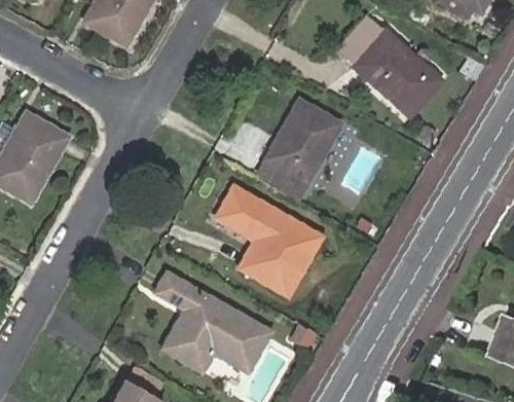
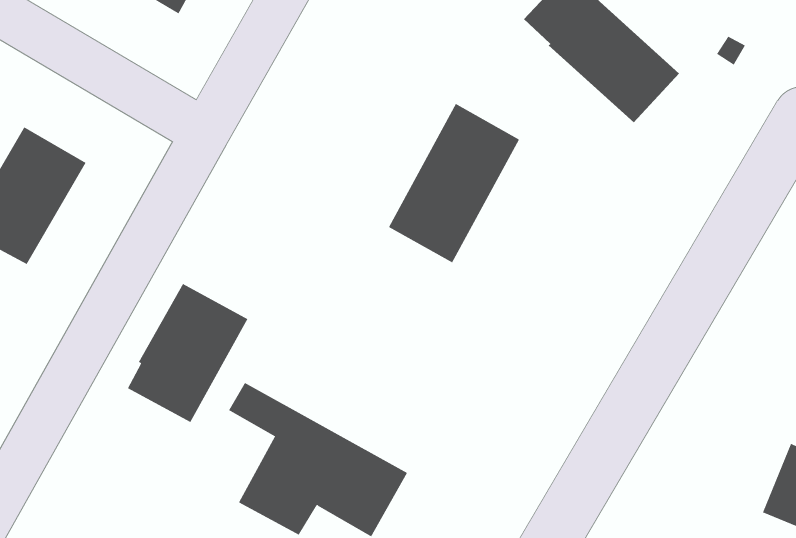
building: [219,188,320,295] -> none
building: none -> [127,283,248,423]

